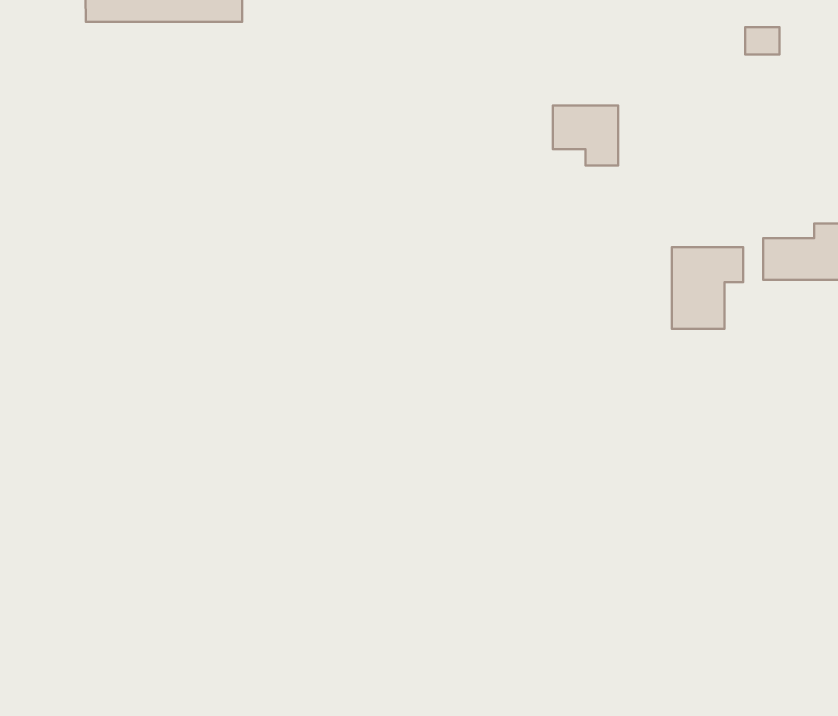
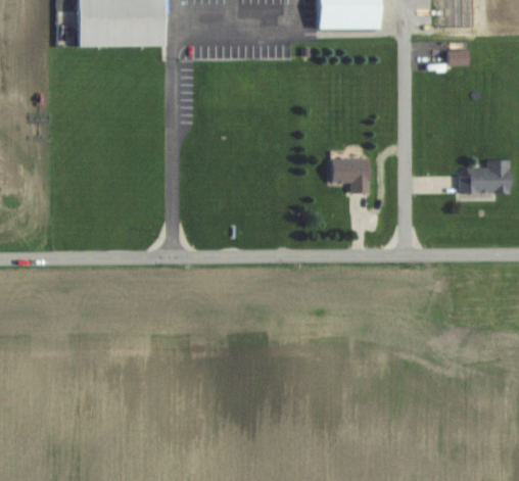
building: [553,105,618,165] -> [332,156,369,190]
building: [672,247,743,329] -> none

